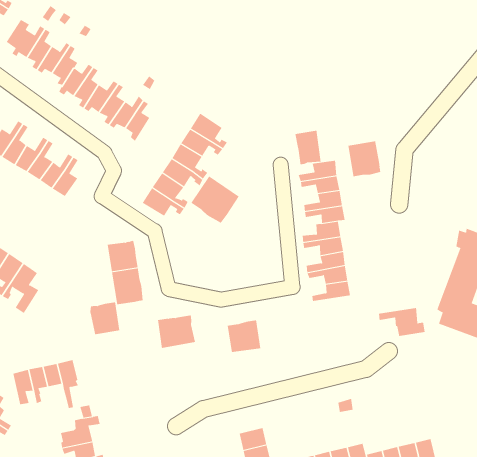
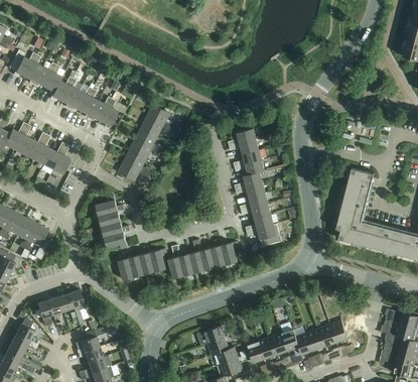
building: [295,130,321,165] -> none
building: [348,140,381,177] -> none
building: [191,176,239,224] -> none
building: [89,302,120,335] -> [118,255,142,280]
building: [378,307,426,337] -> [247,224,282,246]
building: none -> [208,242,237,268]
building: none -> [168,254,192,278]

